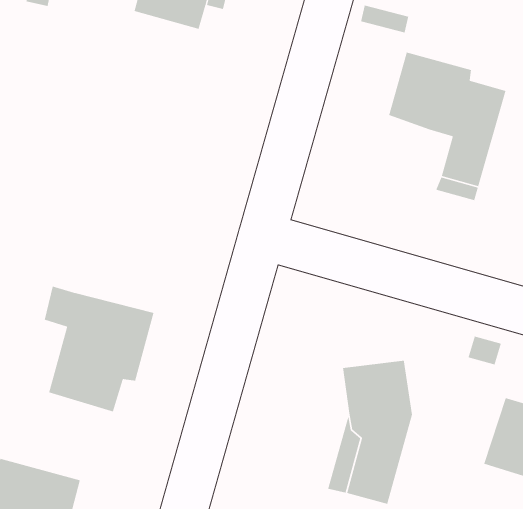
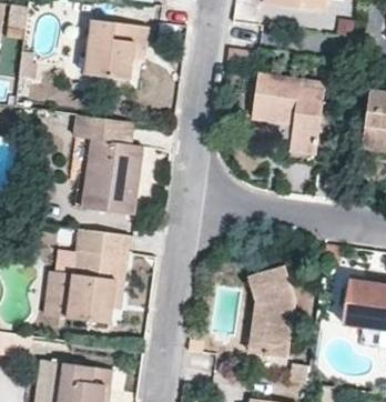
building: none -> [77,115,143,214]
building: none -> [75,230,129,258]
building: none -> [45,271,73,316]

